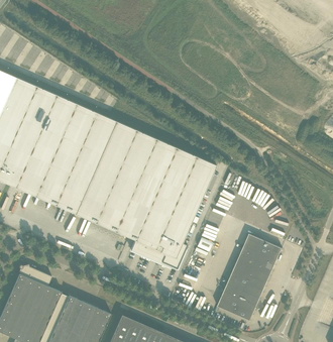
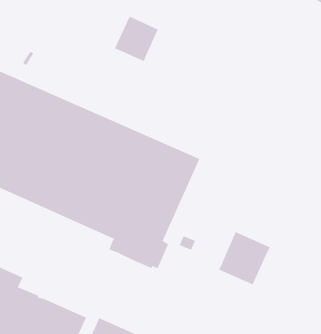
building: none -> [113,16,159,62]
building: [216,269,265,320] -> none

